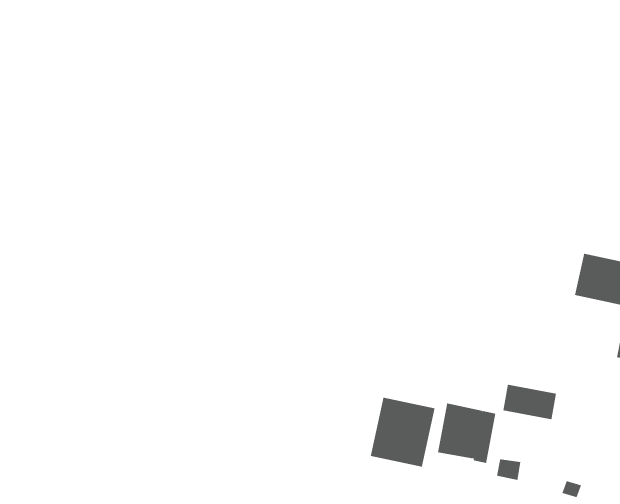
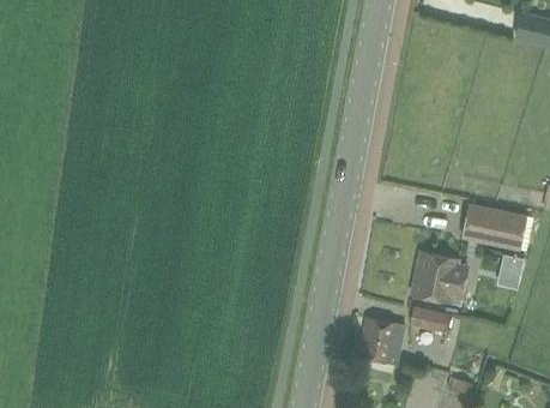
building: none -> [411,252,461,304]
building: [370,397,435,467] -> none

